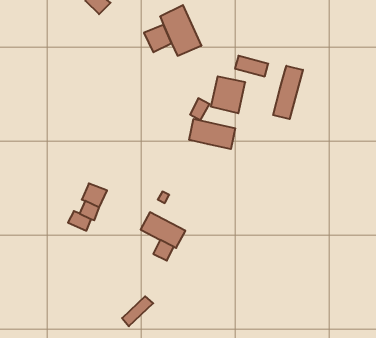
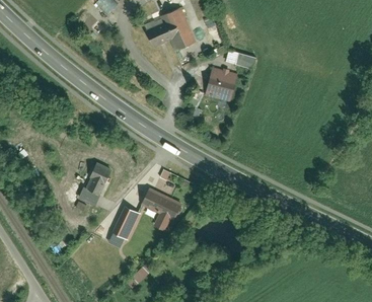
building: [273,66,303,119] -> none
building: [189,119,235,149] -> none
building: none -> [113,208,141,239]

